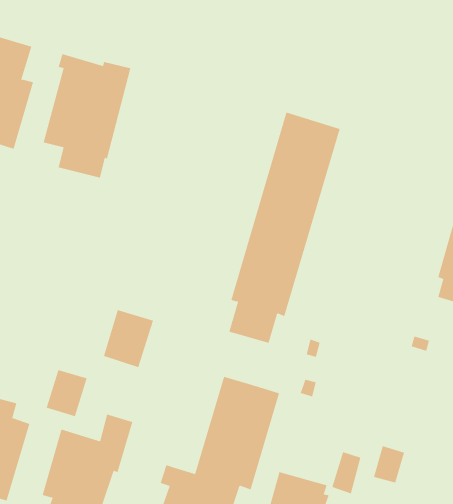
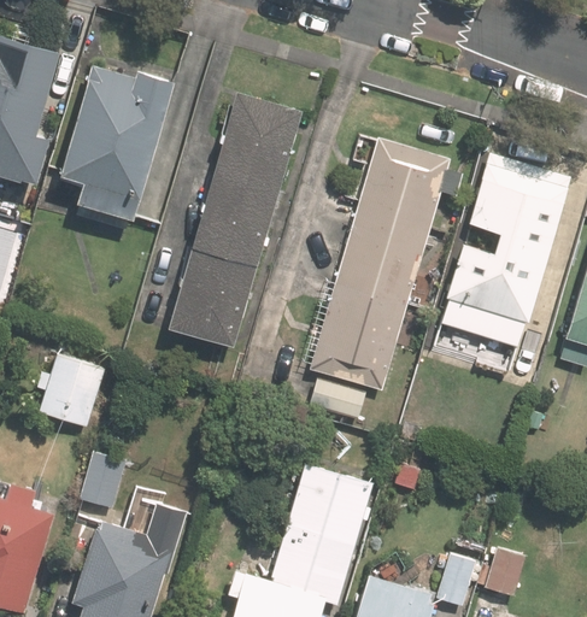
building: none -> [180,96,310,347]
building: none -> [438,153,562,343]
building: [103,309,154,368] -> [48,357,110,428]

